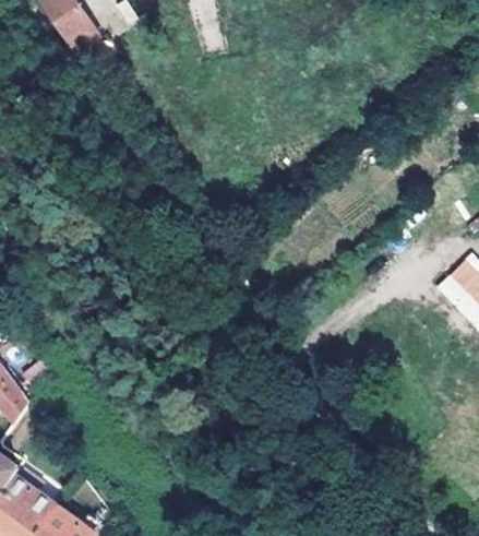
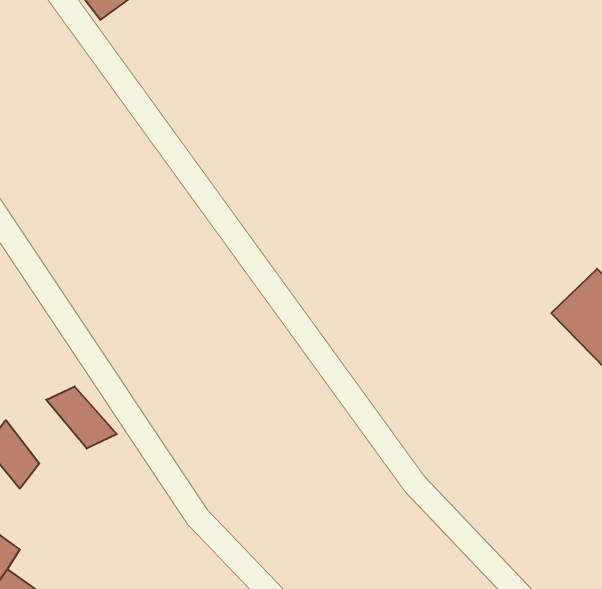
building: none -> [46,386,117,449]

